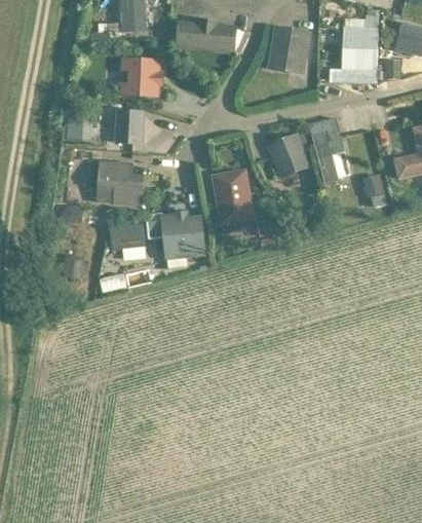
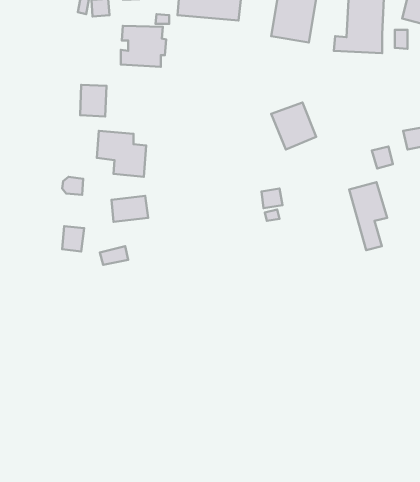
building: [116,110,142,141] -> [80,85,106,116]
building: [308,117,345,184] -> [349,182,387,250]
building: [212,169,256,225] -> none
building: [148,211,205,260] -> none

